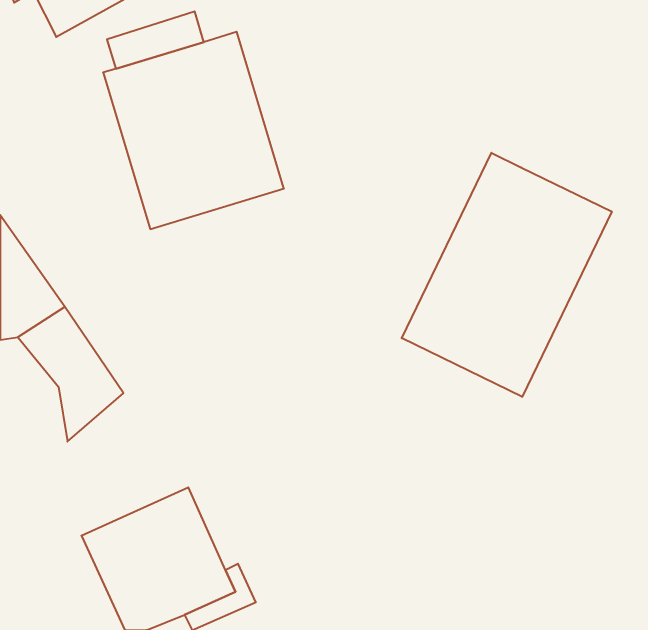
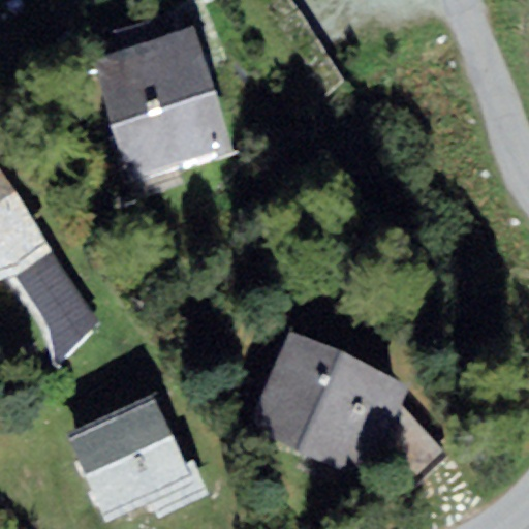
building: [402,153,612,397] -> none
building: none -> [243,334,411,488]

